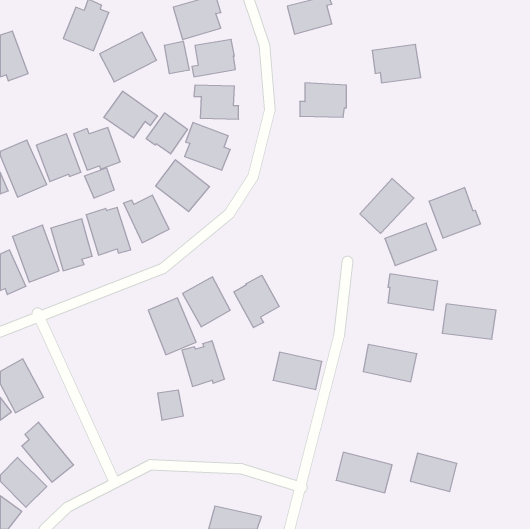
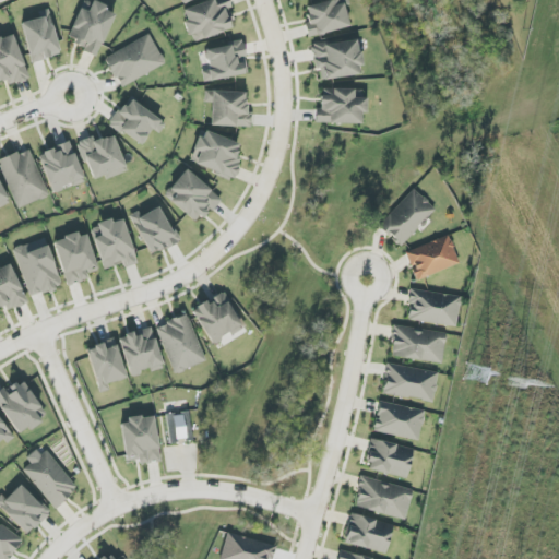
building: none -> [21,8,60,61]
building: [165,41,189,74] -> none
building: [372,44,421,83] -> [311,38,362,79]
building: [146,113,188,154] -> none
building: [85,168,114,198] -> none
building: [429,187,481,238] -> none
building: [234,275,279,328] -> none
building: [442,304,496,339] -> [390,325,447,362]
building: none -> [86,338,126,392]
building: [182,341,225,386] -> [119,326,164,374]
building: [273,352,322,390] -> [373,401,425,440]
building: none -> [121,416,159,463]
building: [410,453,457,492] -> [365,438,414,478]
building: none -> [344,513,393,552]

